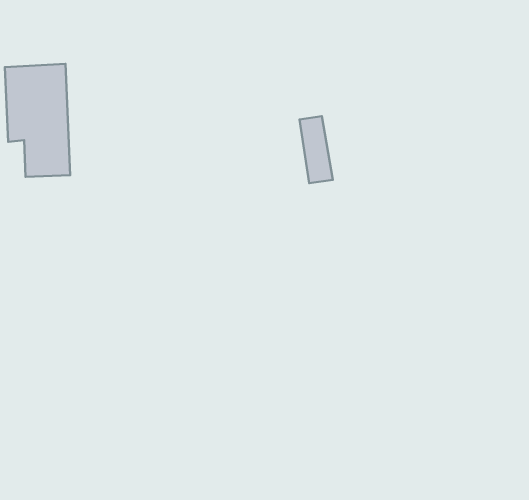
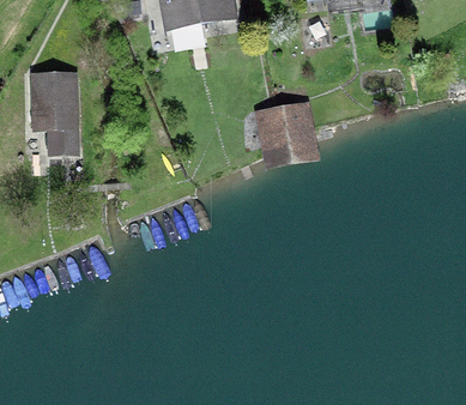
building: none -> [274,107,314,159]

